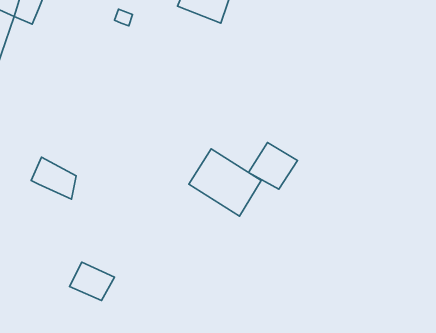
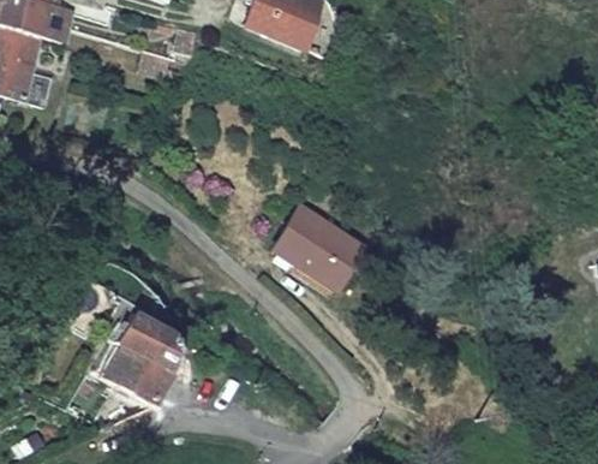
building: [248,143,298,189] -> none
building: [31,157,76,199] -> [120,316,178,370]

